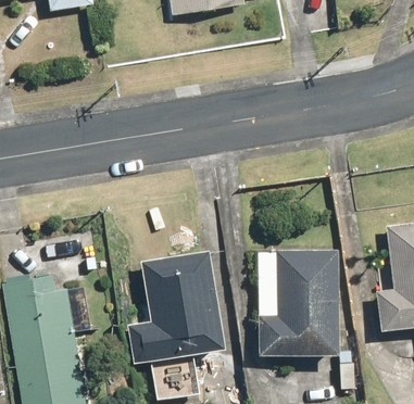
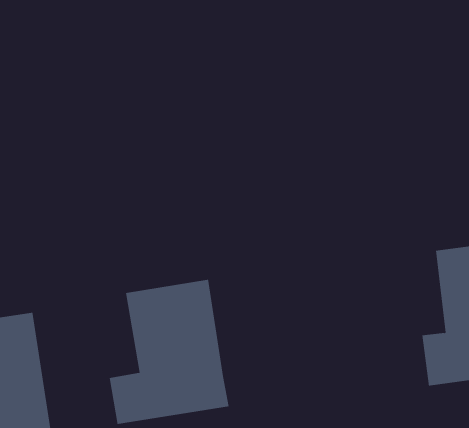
building: [258,249,336,355] -> none

